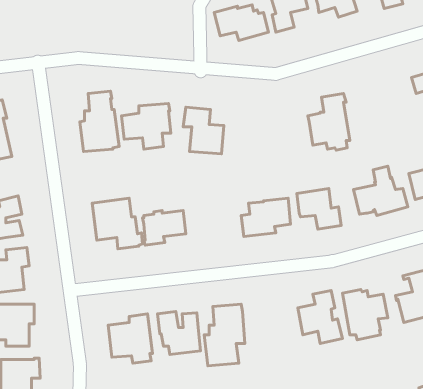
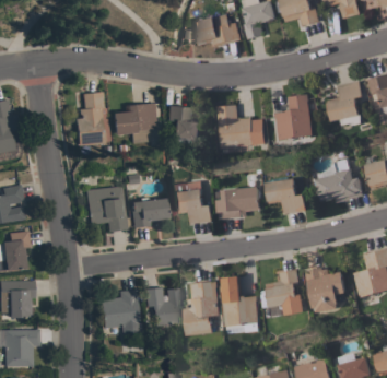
building: none -> [328,81,362,126]
building: none -> [218,105,266,147]
building: none -> [172,181,212,224]
building: none -> [222,276,260,332]

